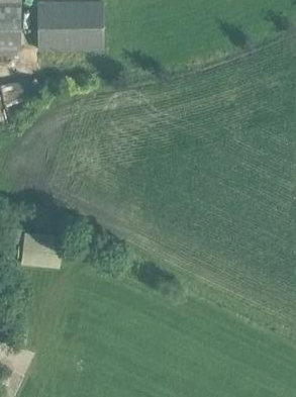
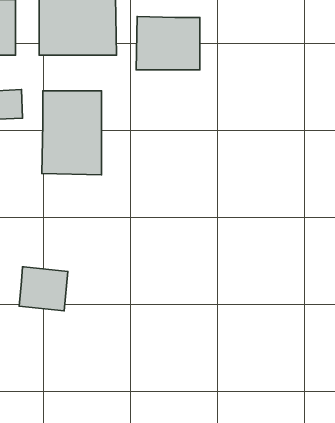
building: none -> [136,16,200,70]
building: none -> [42,91,102,175]

